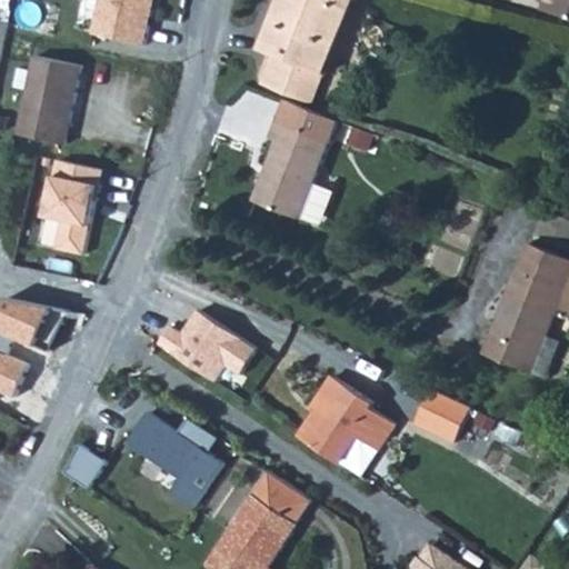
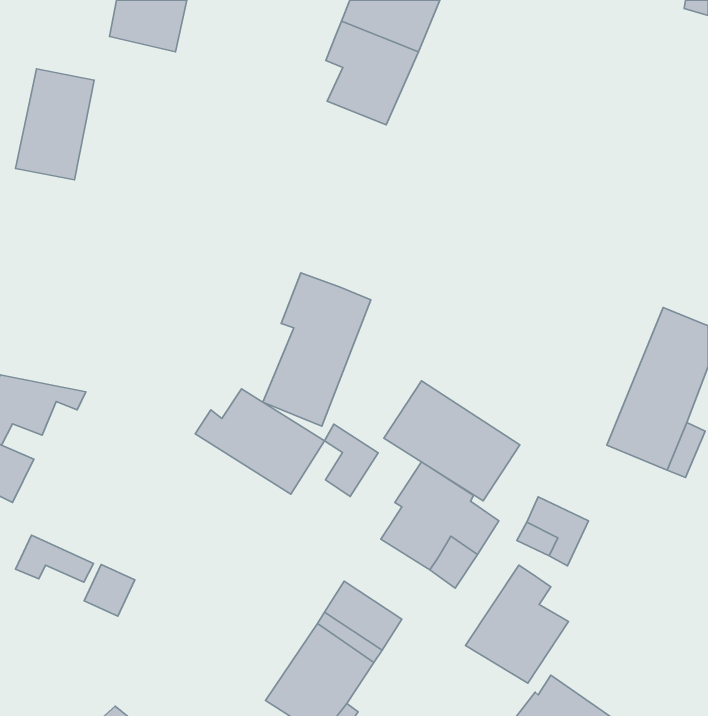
building: [252,98,338,219] -> [263,273,371,426]
building: [44,161,101,252] -> none
building: none -> [384,381,520,501]
building: none -> [324,424,378,496]
building: [123,410,223,513] -> none
building: none -> [16,535,93,582]
building: none -> [465,565,568,683]

